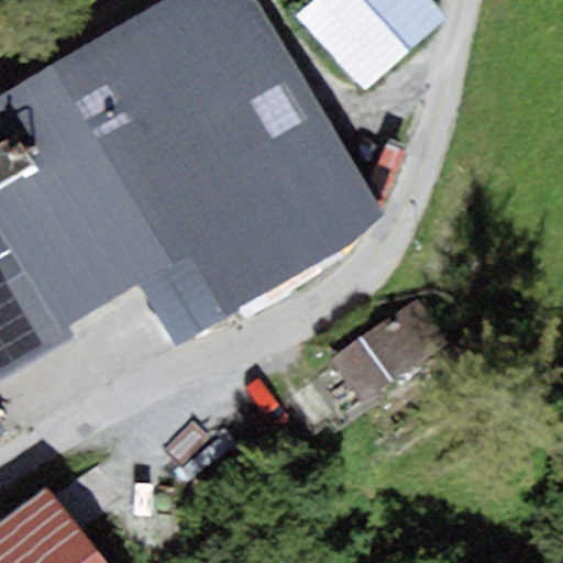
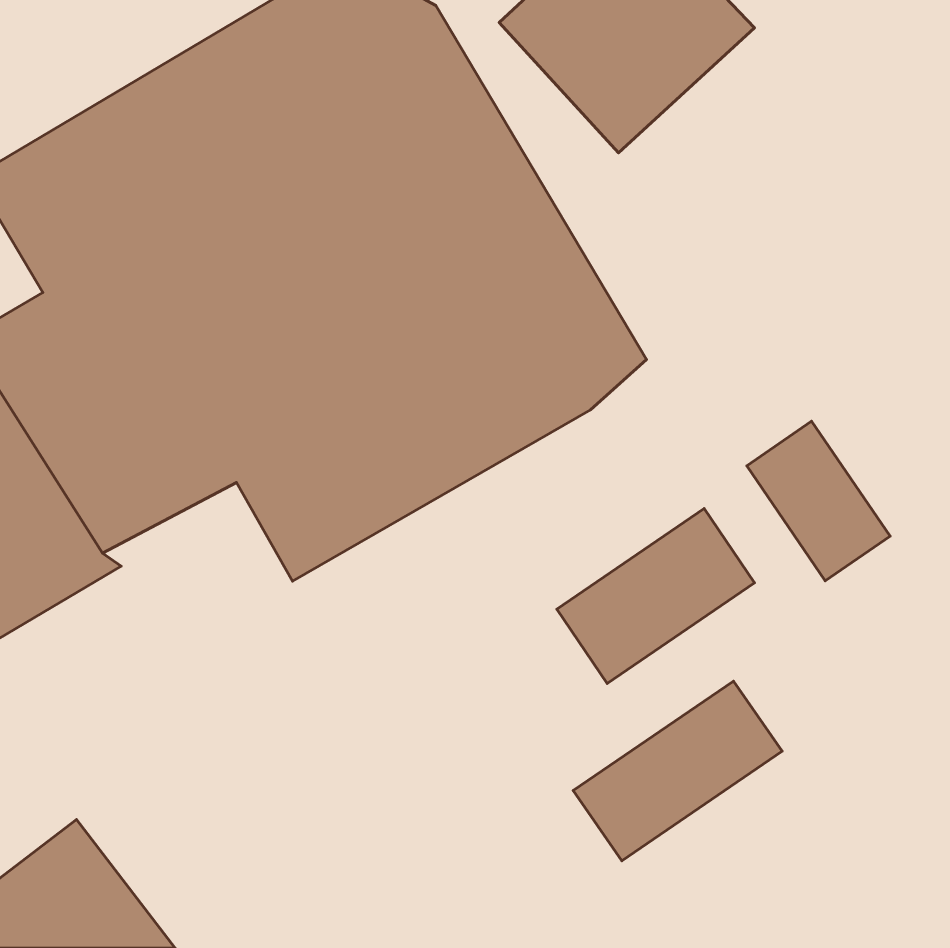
building: none -> [747,421,890,581]
building: none -> [573,681,782,861]

